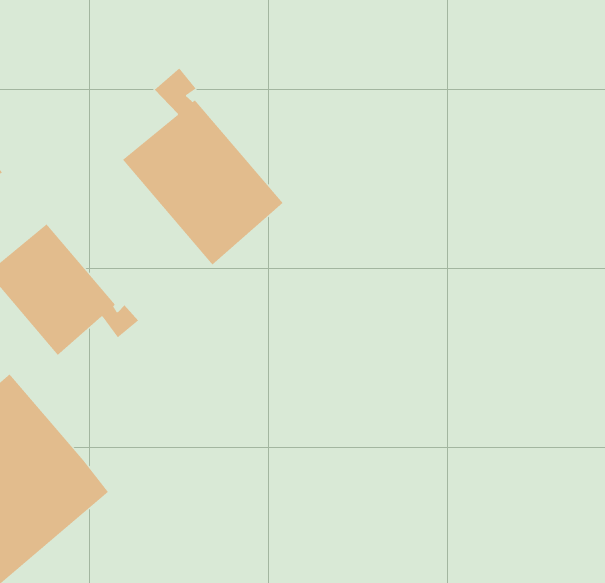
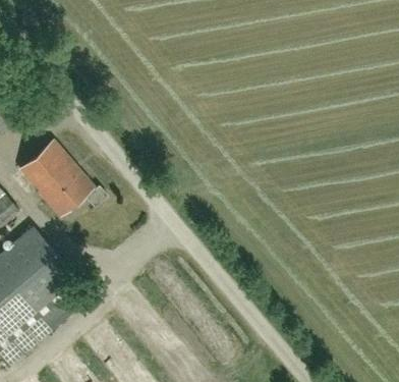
building: [122,68,284,266] -> none

